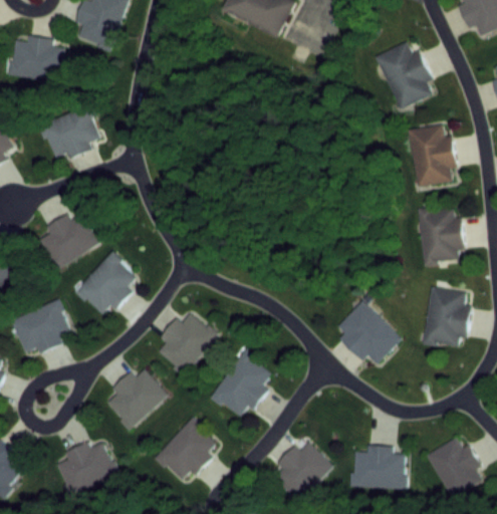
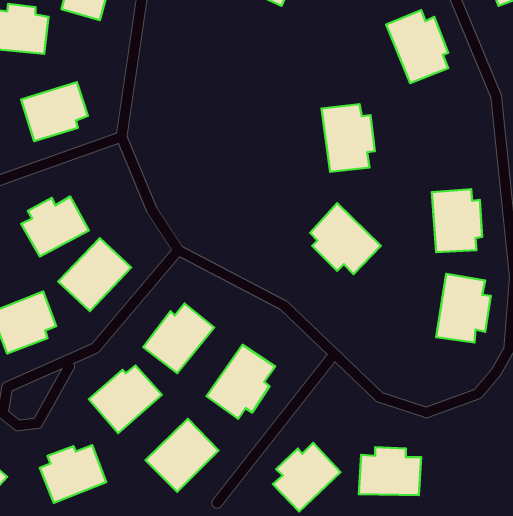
building: [408,124,457,187] -> [321,104,375,172]
building: [337,299,403,364] -> [310,203,381,274]
building: [427,438,487,499] -> none

